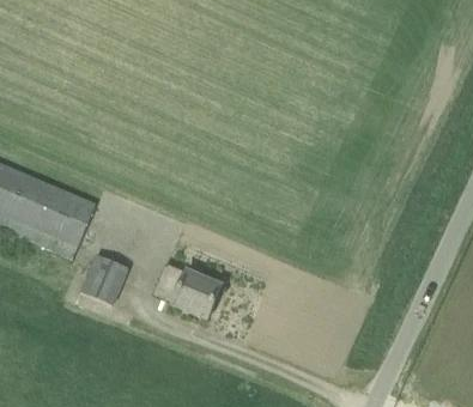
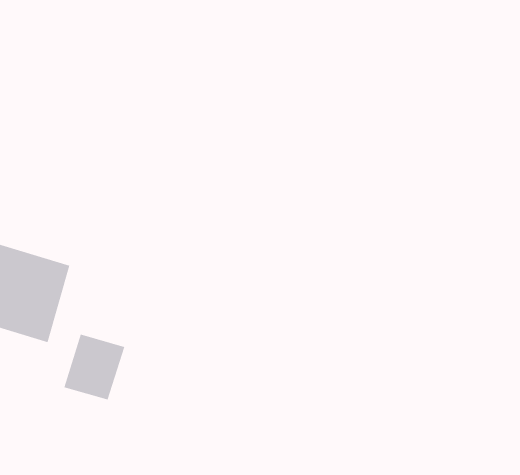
building: [170,269,222,320] -> none

